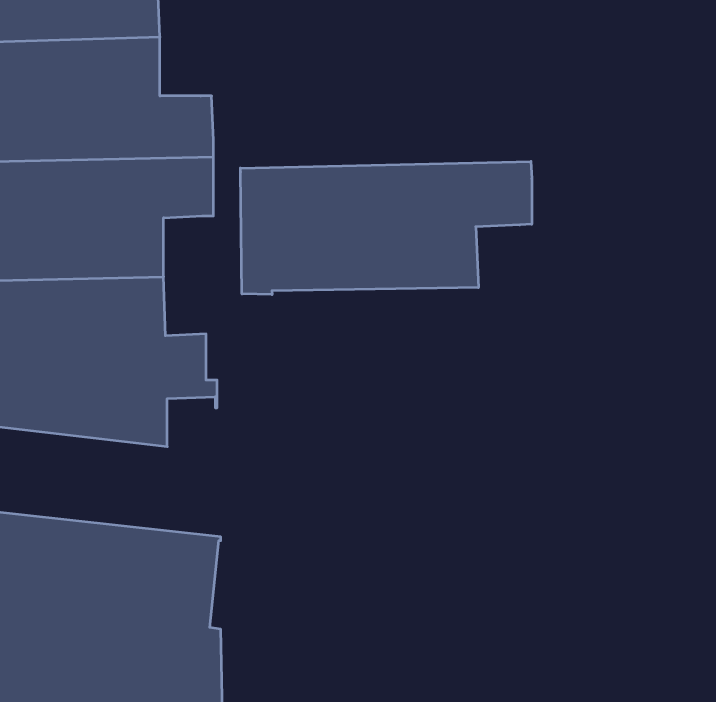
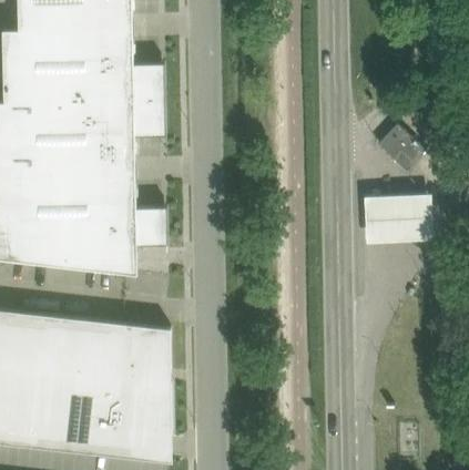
building: [240,161,532,295] -> none
building: none -> [377,126,425,174]
building: none -> [363,192,430,239]

